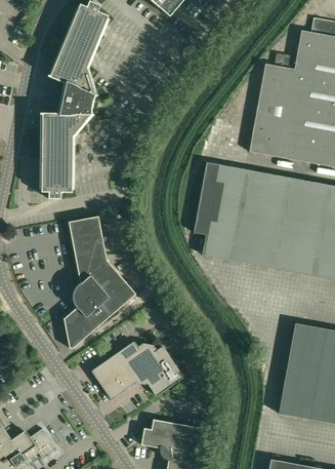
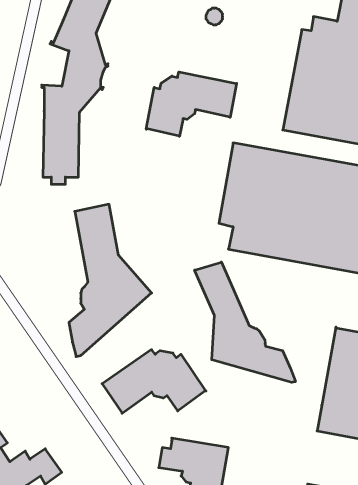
building: none -> [146,72,237,136]
building: none -> [195,262,295,382]

